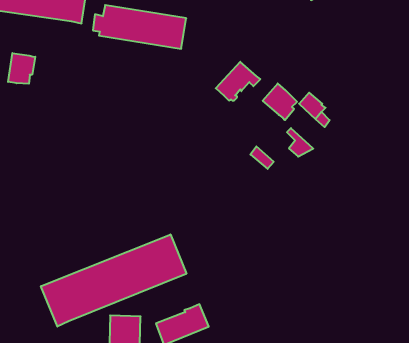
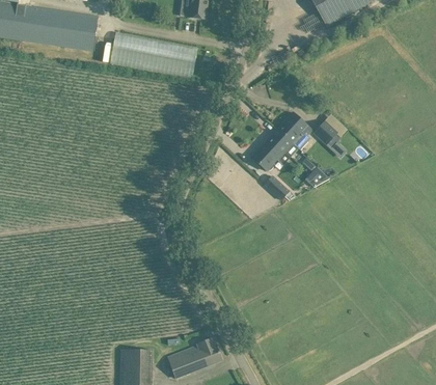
building: [8,53,35,84] -> none
building: [216,62,260,100] -> [252,130,298,169]
building: [41,234,186,327] -> none

